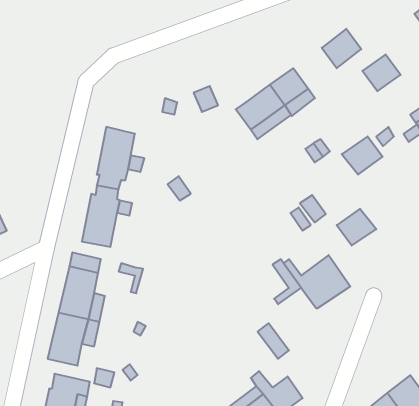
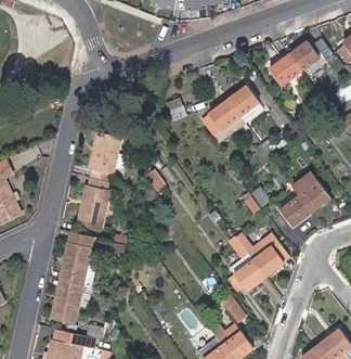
building: [362,54,401,91] -> [288,40,318,69]
building: [342,136,383,175] -> [299,182,331,213]
building: none -> [225,259,264,290]

